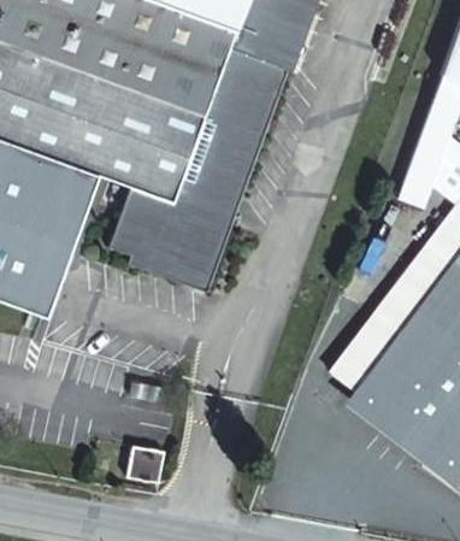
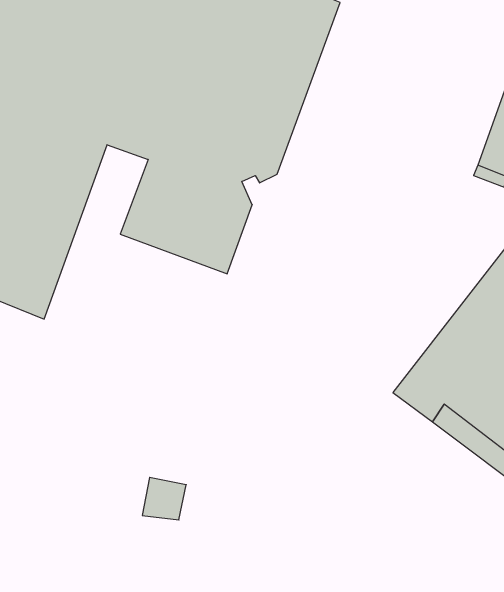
building: [193,196,234,281] -> none

